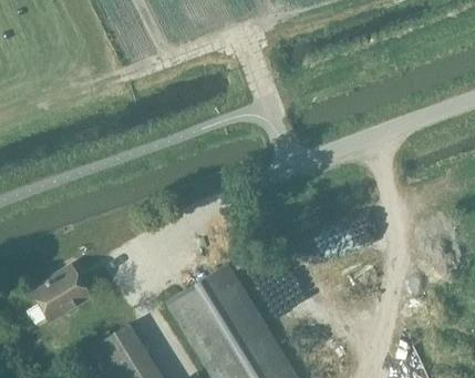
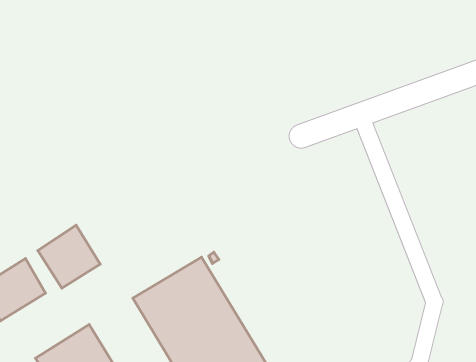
building: none -> [38,225,100,288]

